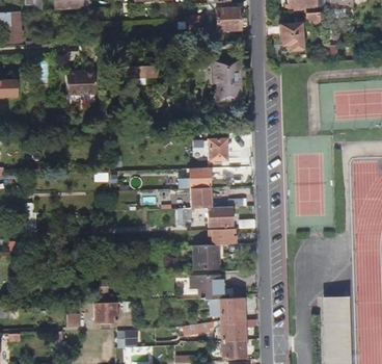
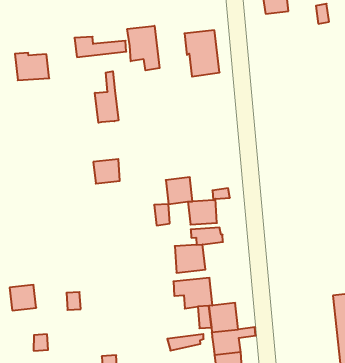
building: none -> [127,26,160,70]
building: none -> [95,71,118,123]
building: [208,139,227,160] -> none
building: [189,167,211,187] -> [93,159,120,184]
building: [96,301,117,321] -> [10,285,36,310]

